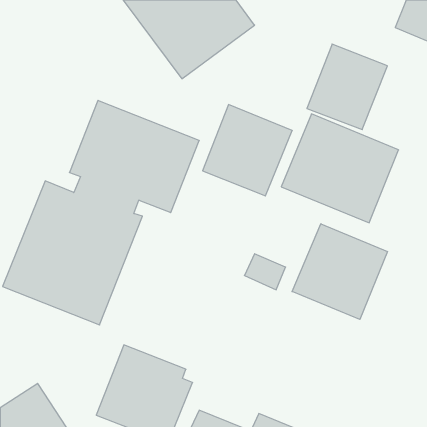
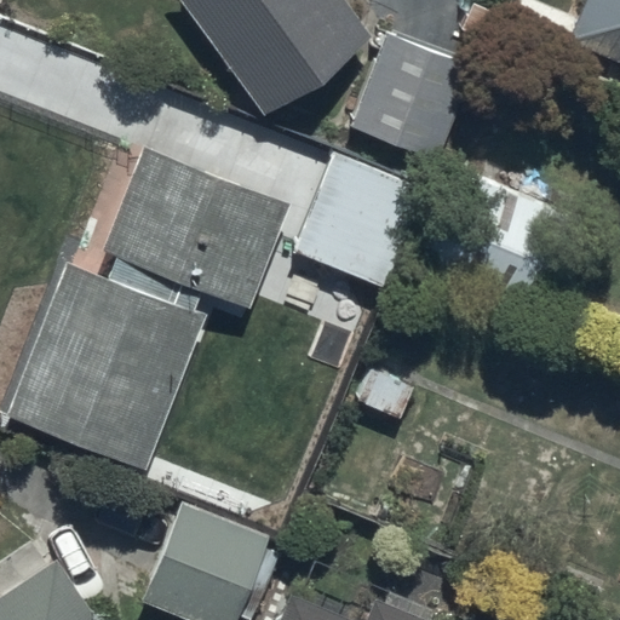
building: [307,44,387,130] -> [355,35,471,159]
building: [292,224,387,319] -> none

